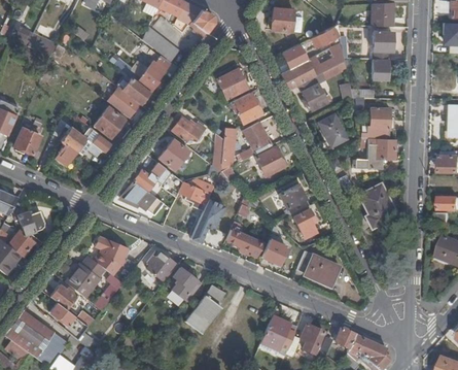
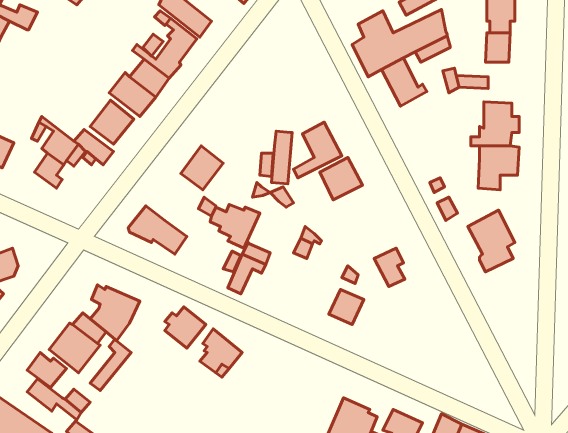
building: [216,69,247,98] -> none
building: [230,93,260,125] -> none
building: [318,114,346,146] -> none
building: [171,116,205,141] -> none
building: [132,162,170,191] -> none
building: [279,183,309,214] -> none
building: [225,229,262,256] -> none
building: [296,251,339,285] -> none
building: [185,284,224,332] -> none

